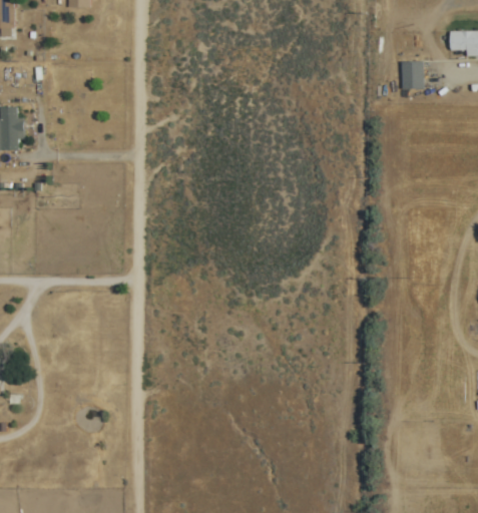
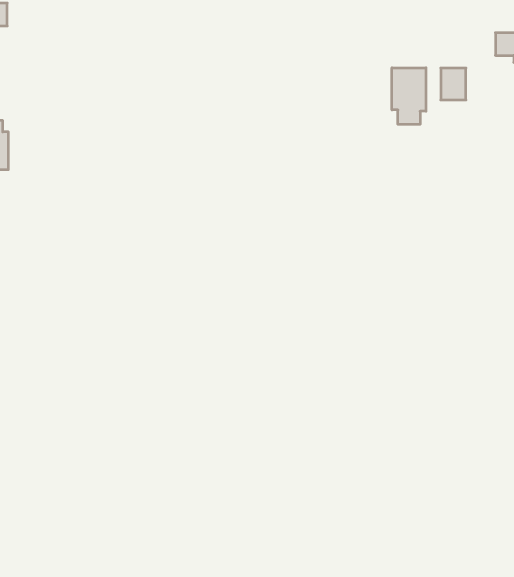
building: none -> [392,68,426,124]

